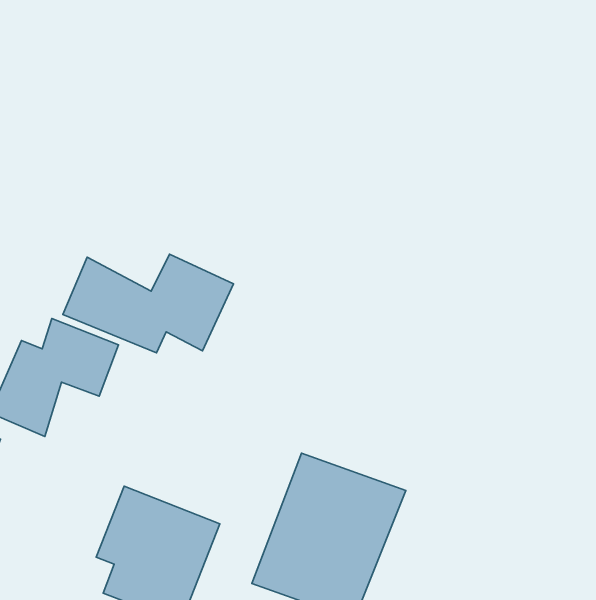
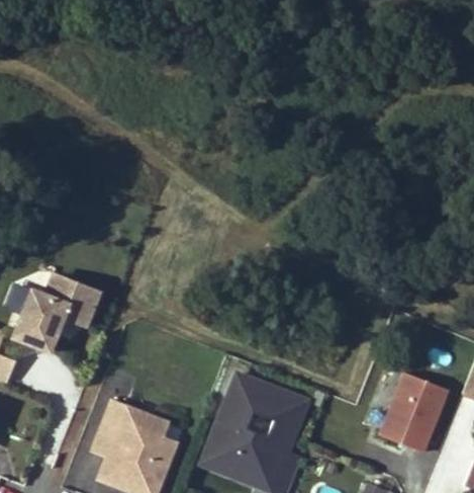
building: [63,254,234,353] -> none
building: none -> [378,368,444,447]

